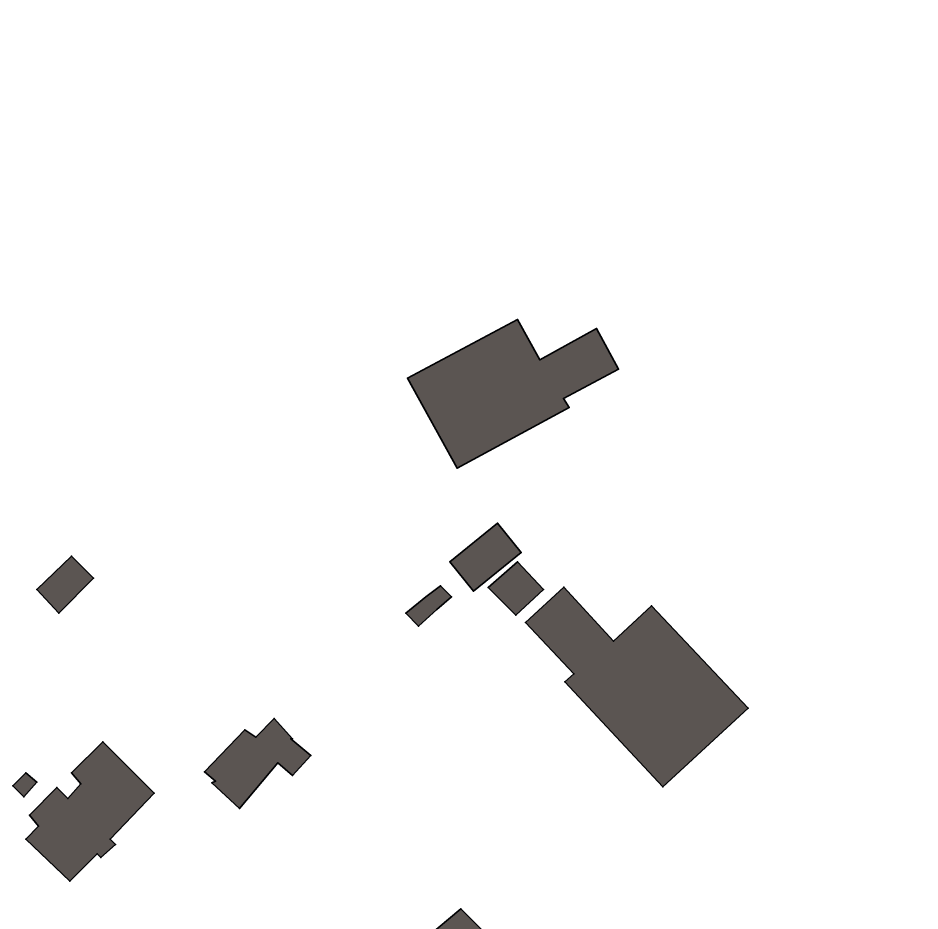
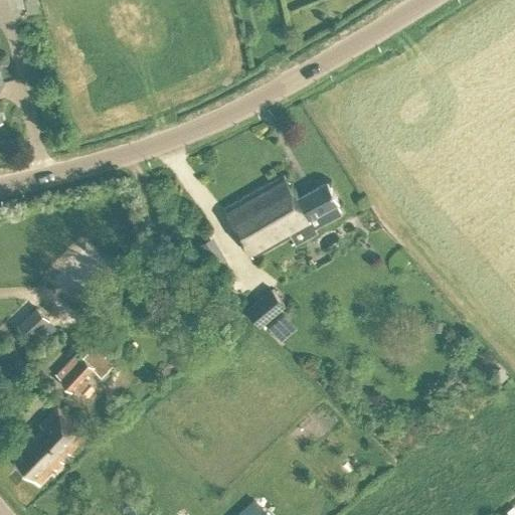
building: [526,587,748,787] -> none
building: [204,719,311,809] -> [58,347,117,396]

